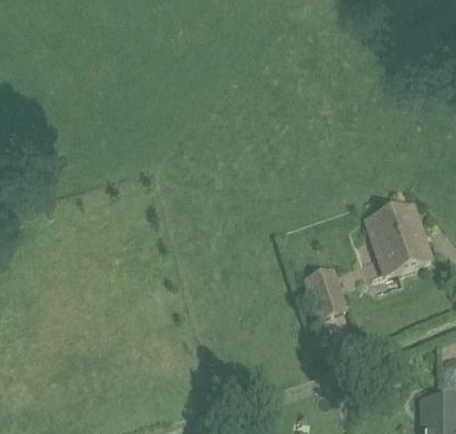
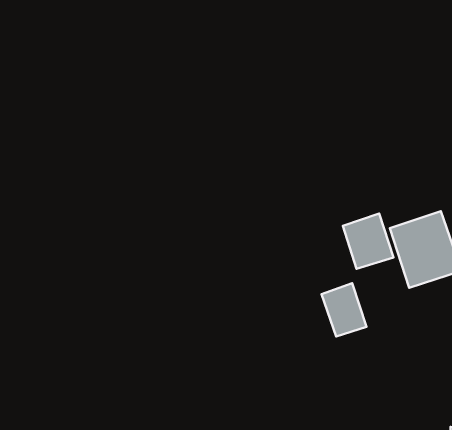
building: none -> [343,214,393,269]

